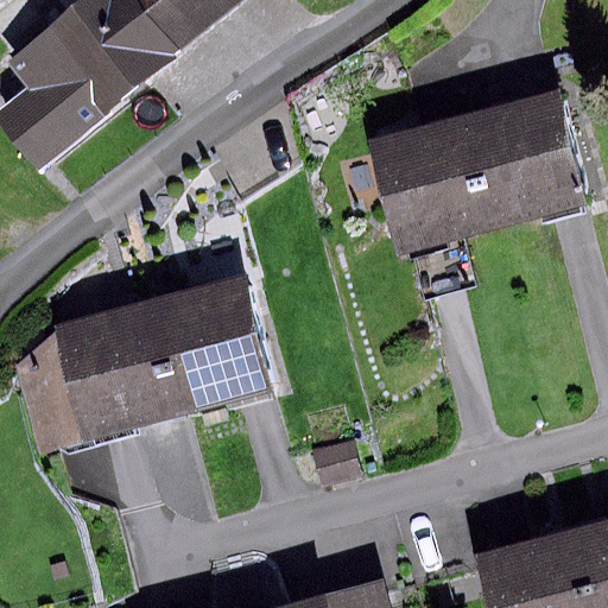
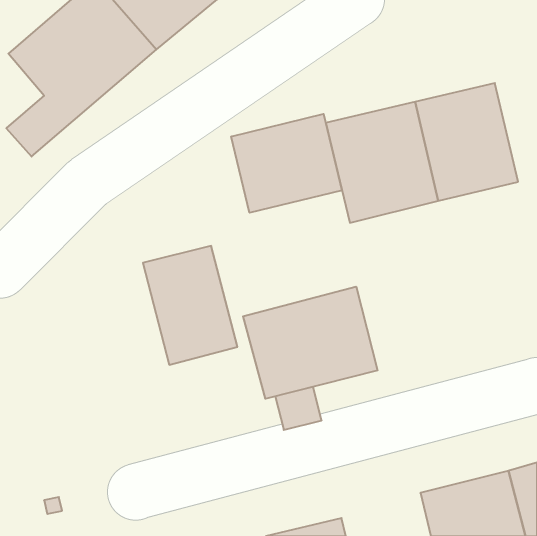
building: none -> [231,114,342,213]
building: [20,297,191,450] -> none
building: none -> [243,287,378,399]

